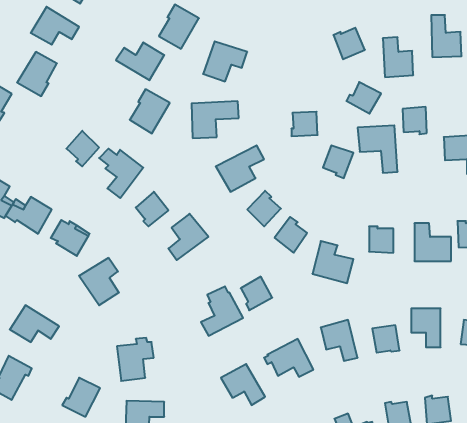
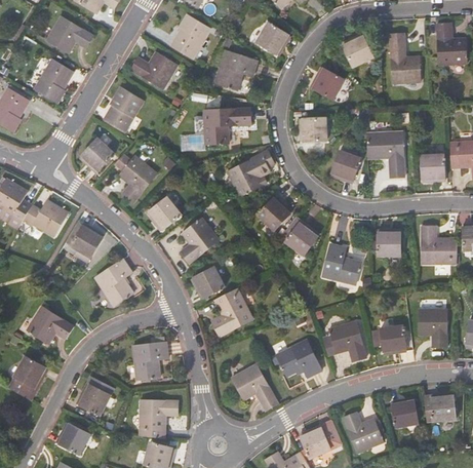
building: none -> [258,22,290,53]
building: [346,82,381,114] -> [311,68,345,99]
building: [130,89,170,133] -> [105,84,144,127]
building: [403,107,427,134] -> [421,154,444,181]
building: [241,277,272,310] -> [194,266,225,299]

